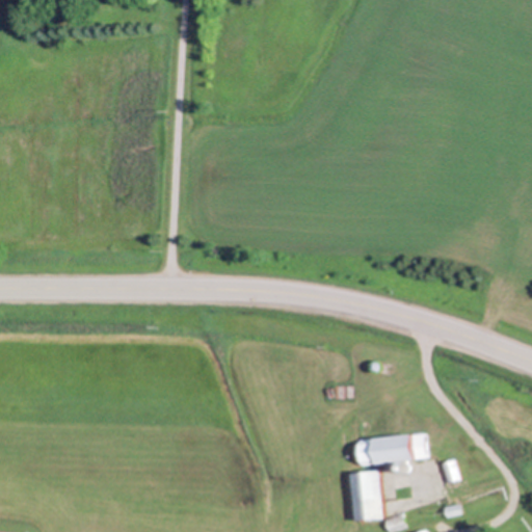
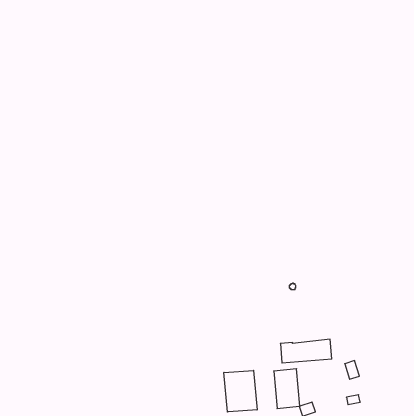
building: none -> [224,370,257,412]

